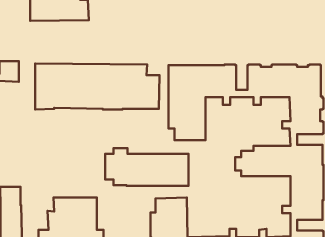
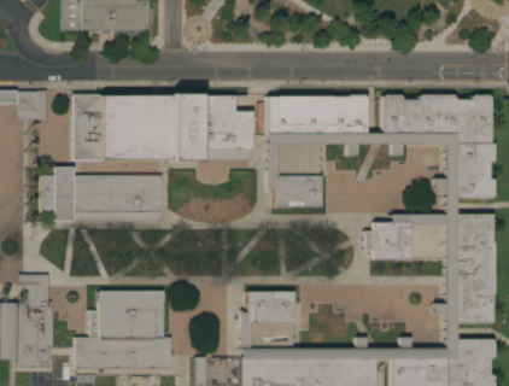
building: [105,148,188,186] -> [42,166,164,222]

